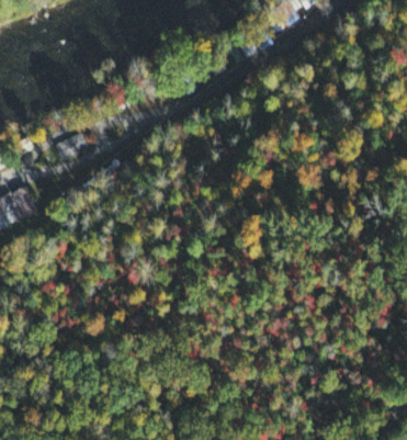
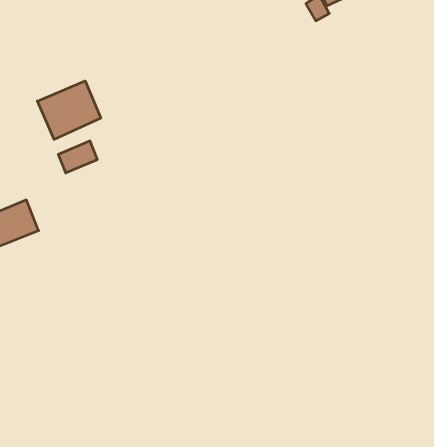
building: none -> [37,81,101,139]

